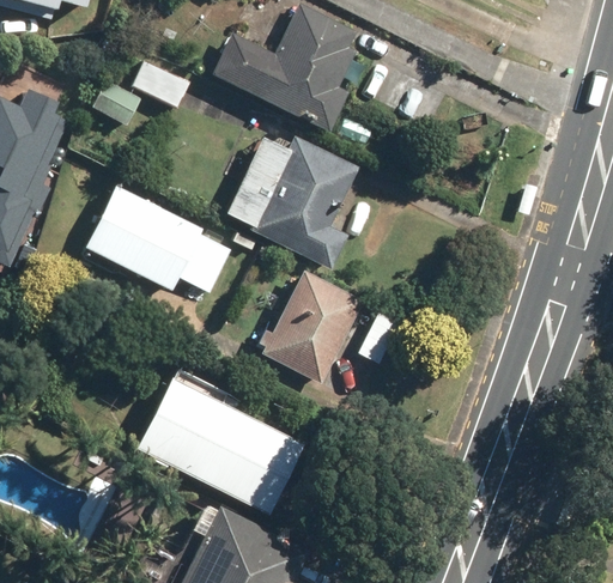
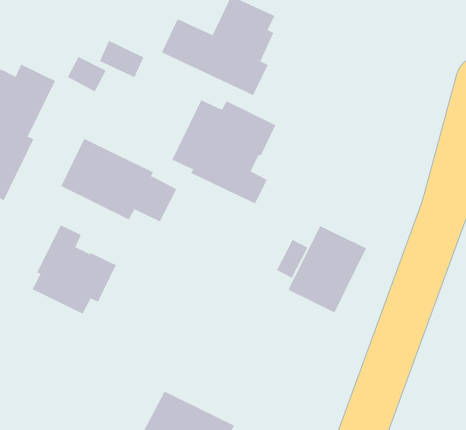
building: [261,271,362,382] -> [288,226,367,313]
building: none -> [32,224,116,314]
building: [134,377,303,514] -> none

